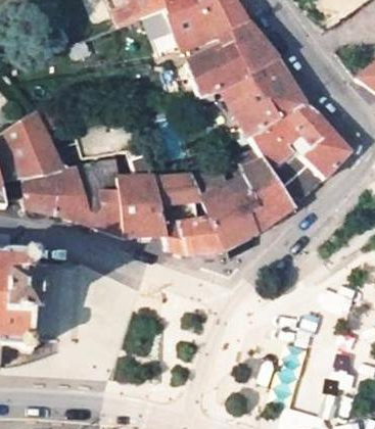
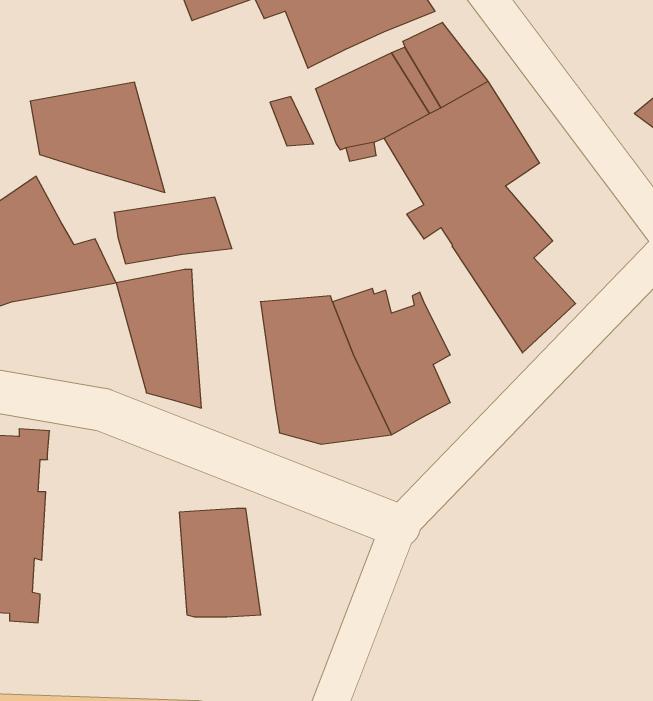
building: [287,103,350,179] -> none
building: [238,147,296,232] -> none
building: [21,168,94,227] -> [30,82,165,192]
building: [120,178,163,236] -> [179,508,261,617]

